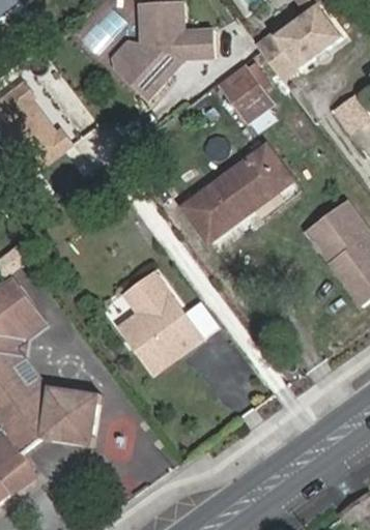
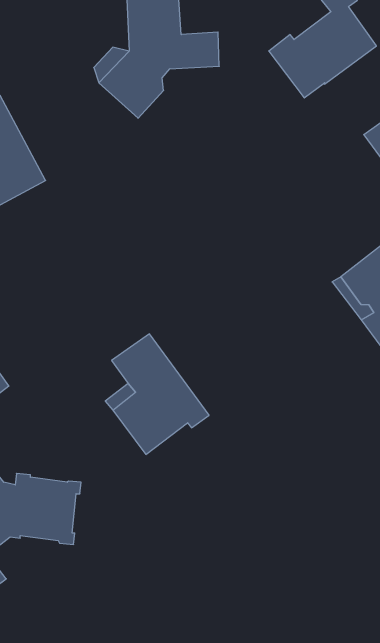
building: [219,63,269,117] -> none
building: [180,141,291,241] -> none

